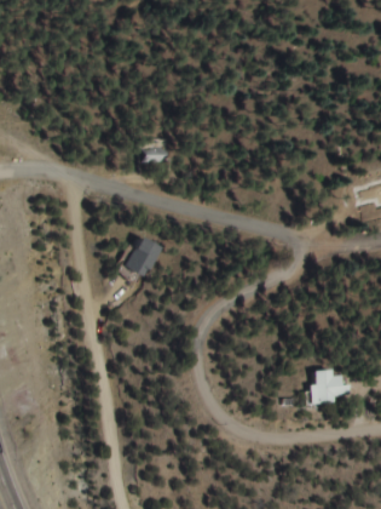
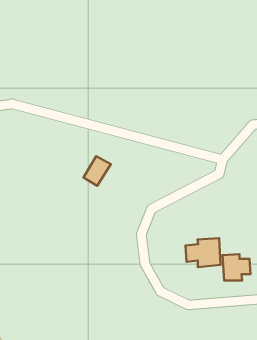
building: none -> [186,238,220,267]

